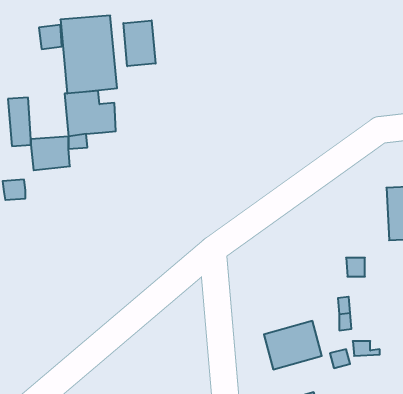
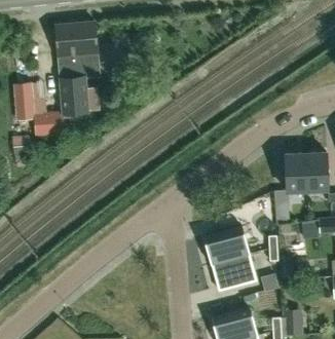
building: [123,20,156,66] -> none
building: none -> [284,153,307,193]
building: none -> [204,228,249,265]

